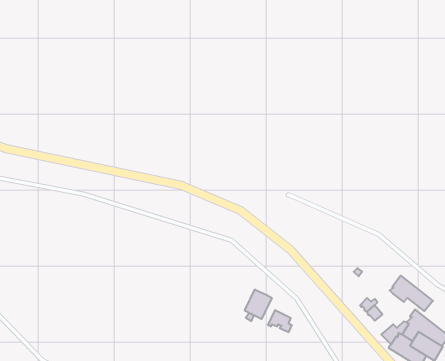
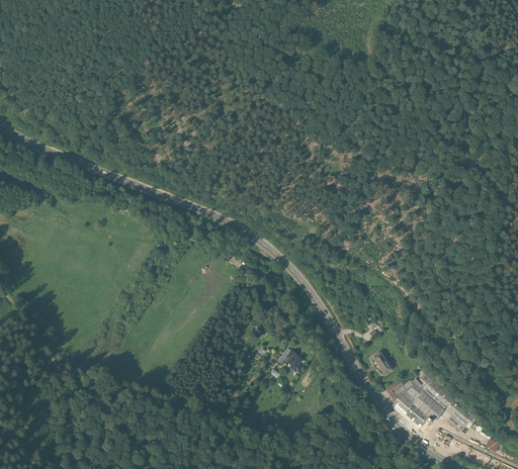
building: [390,276,433,311] -> none
building: [245,289,272,319] -> none

